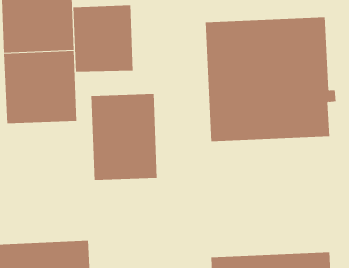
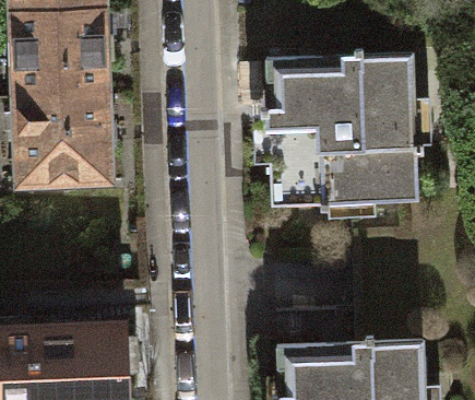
building: [73,5,133,72] -> none
building: [91,93,157,181] -> none

